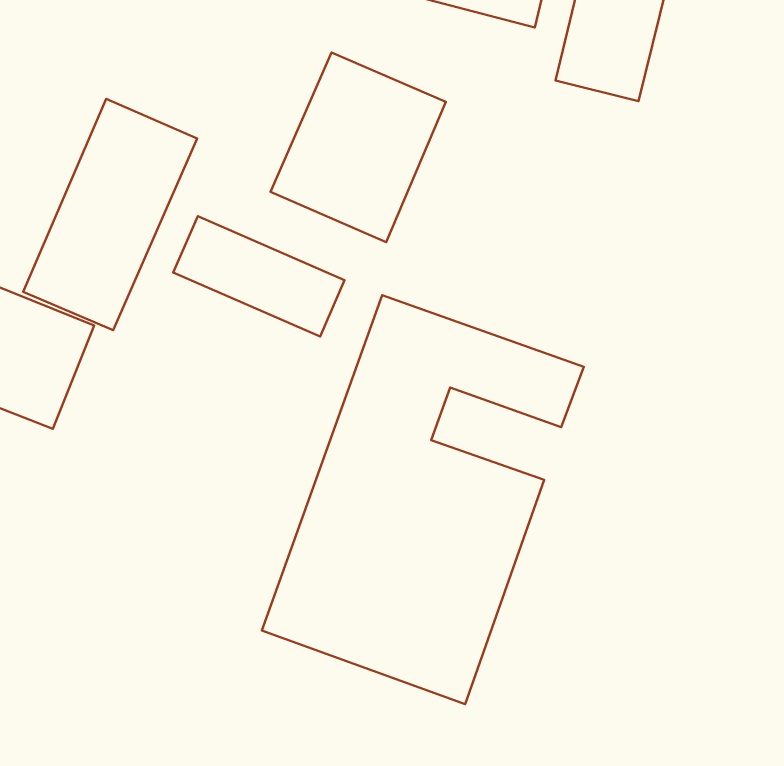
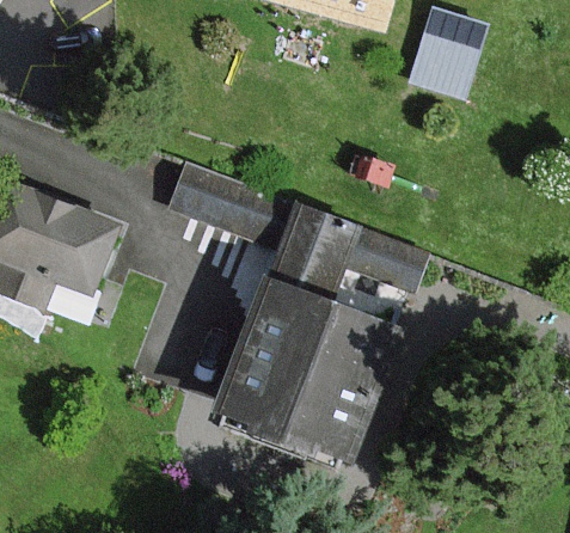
building: [270,53,446,242] -> none
building: [23,99,197,330] -> none

